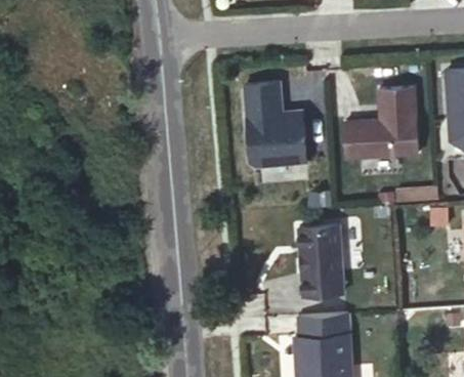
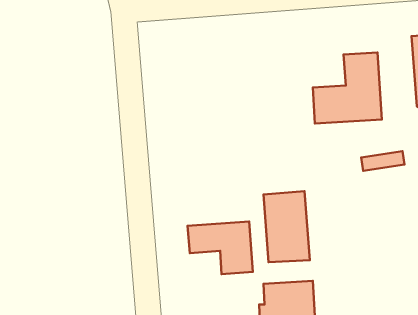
building: [247,81,309,164] -> none
building: none -> [188,221,253,274]

